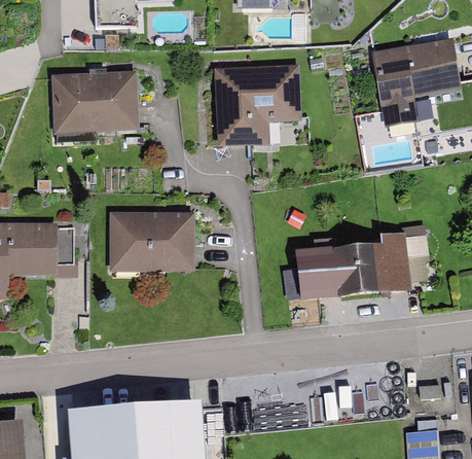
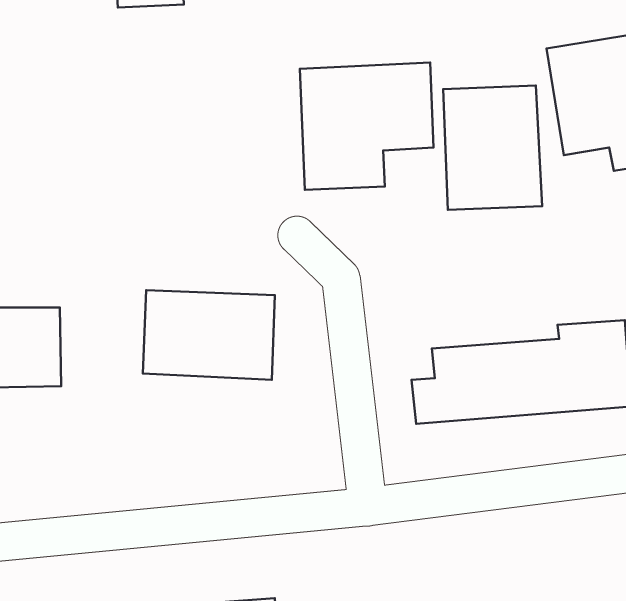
building: [58,64,138,128] -> none
building: none -> [443,86,542,210]

